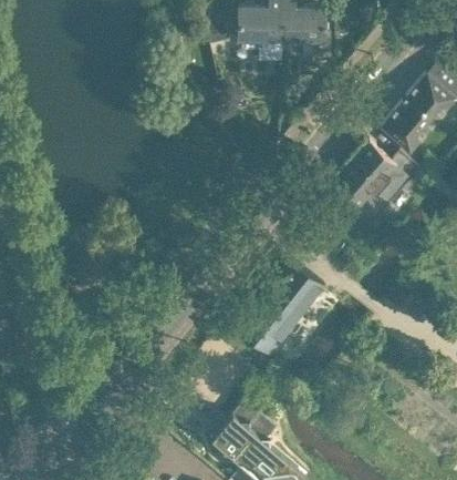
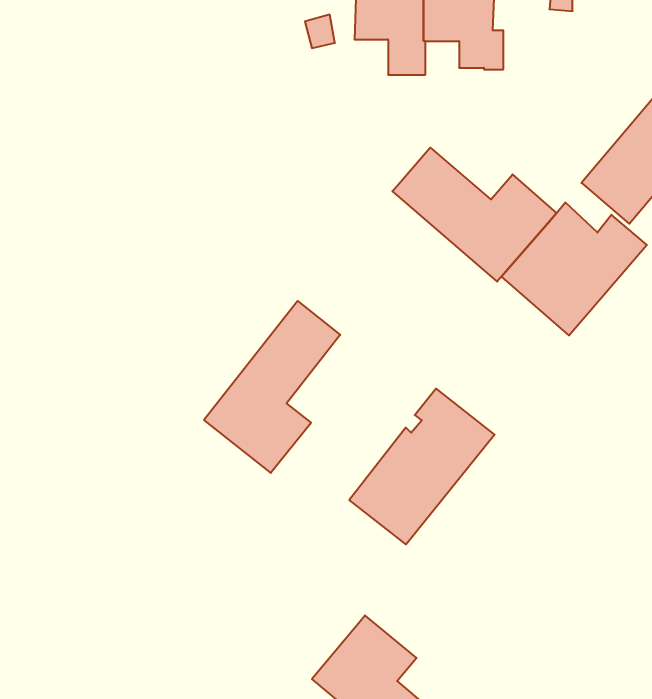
building: none -> [392,148,557,282]
building: none -> [204,301,340,473]

